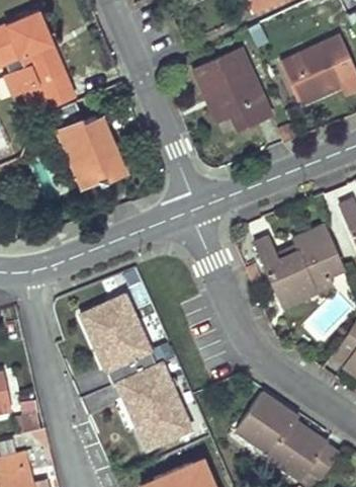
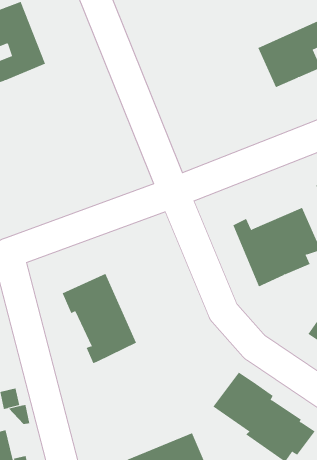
building: [193,50,269,130] -> none
building: [24,81,76,123] -> none
building: [57,111,124,187] -> none
building: [118,362,192,449] -> none

